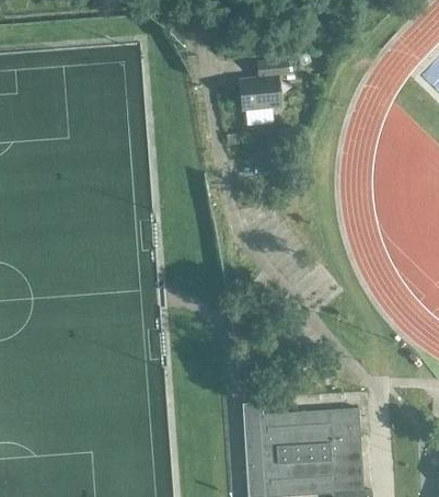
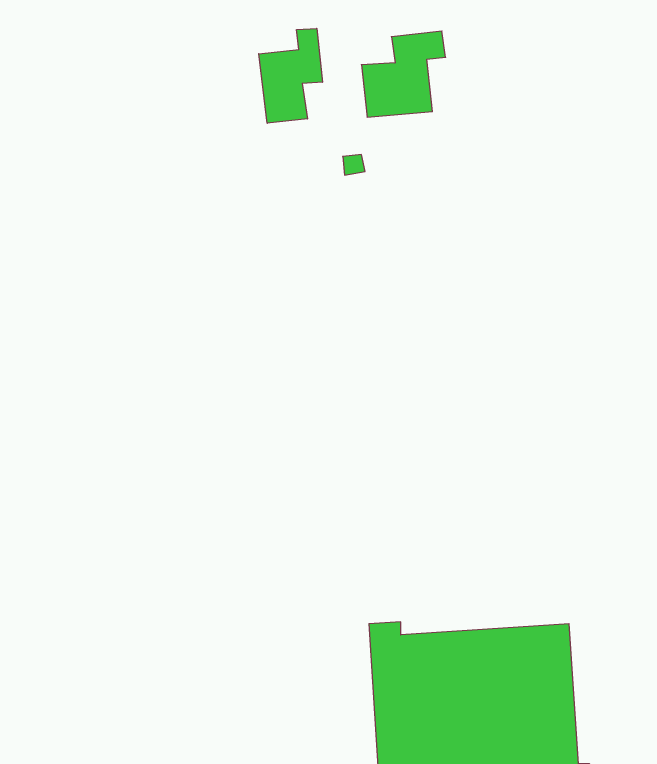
building: none -> [259,28,322,123]

